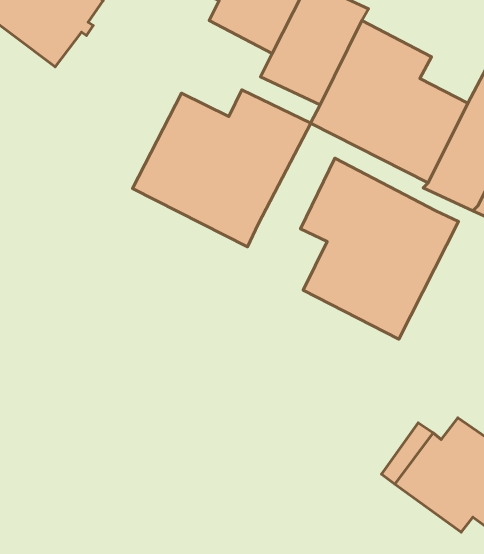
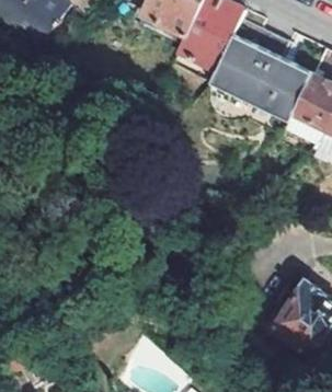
building: [133,90,311,247] -> none
building: [300,158,458,339] -> none

